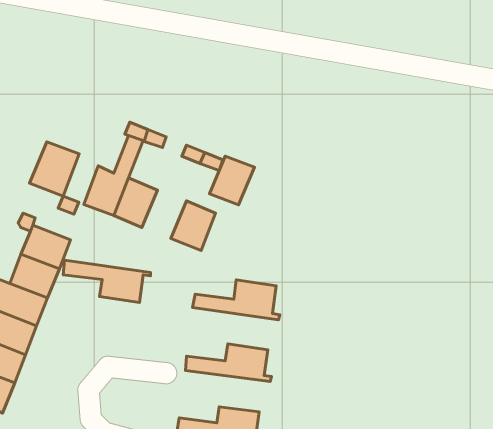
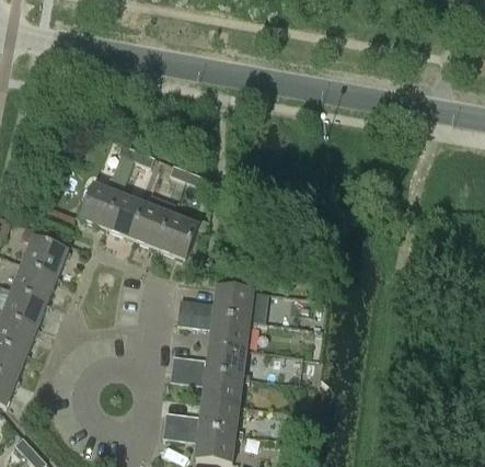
building: [30,142,79,196] -> none
building: [210,156,254,205] -> [132,204,173,248]
building: [63,260,150,303] -> [177,310,256,349]
building: none -> [170,367,249,405]

